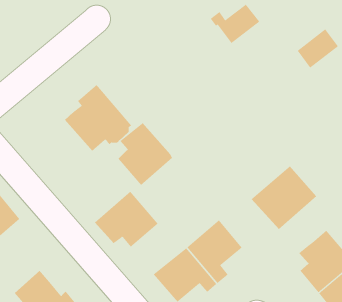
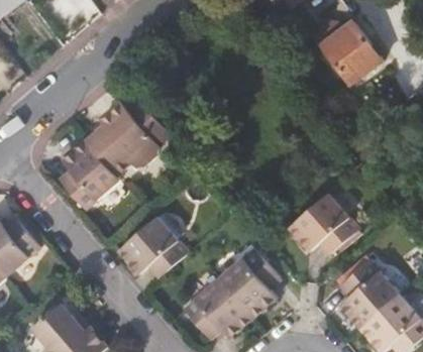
building: [210,4,260,44] -> [314,22,368,66]
building: [118,123,173,186] -> [59,140,118,209]

